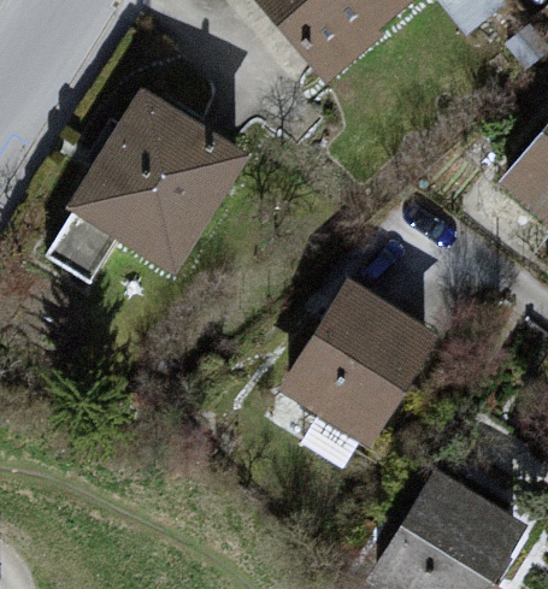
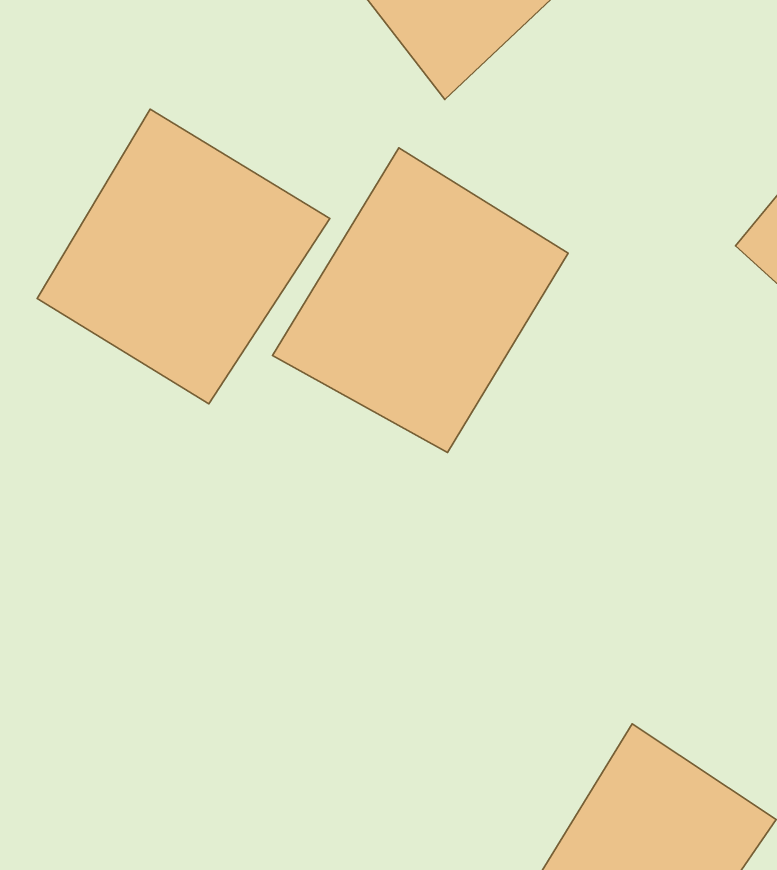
building: none -> [273,148,568,452]
building: [277,277,443,449] -> none

